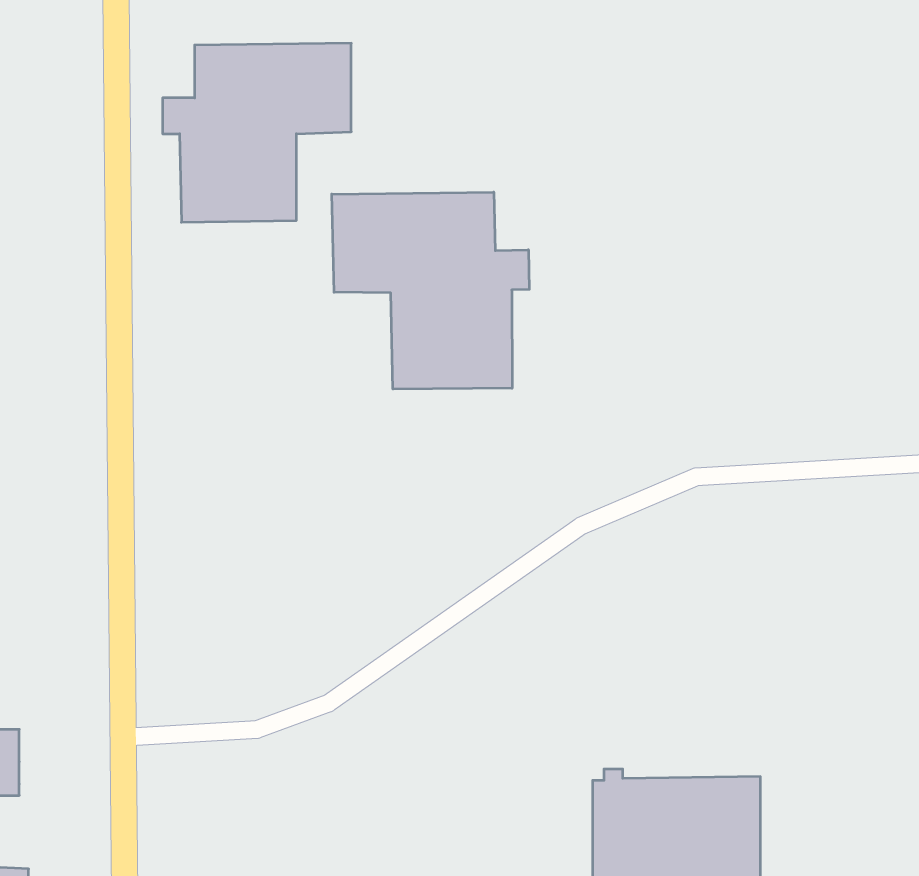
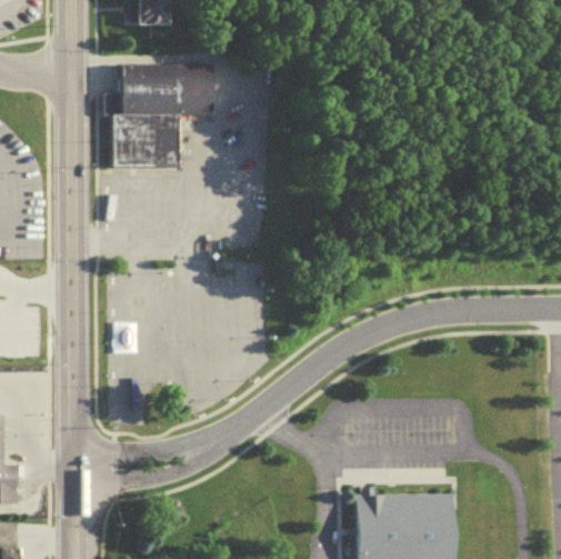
building: [332,192,529,389] -> none

